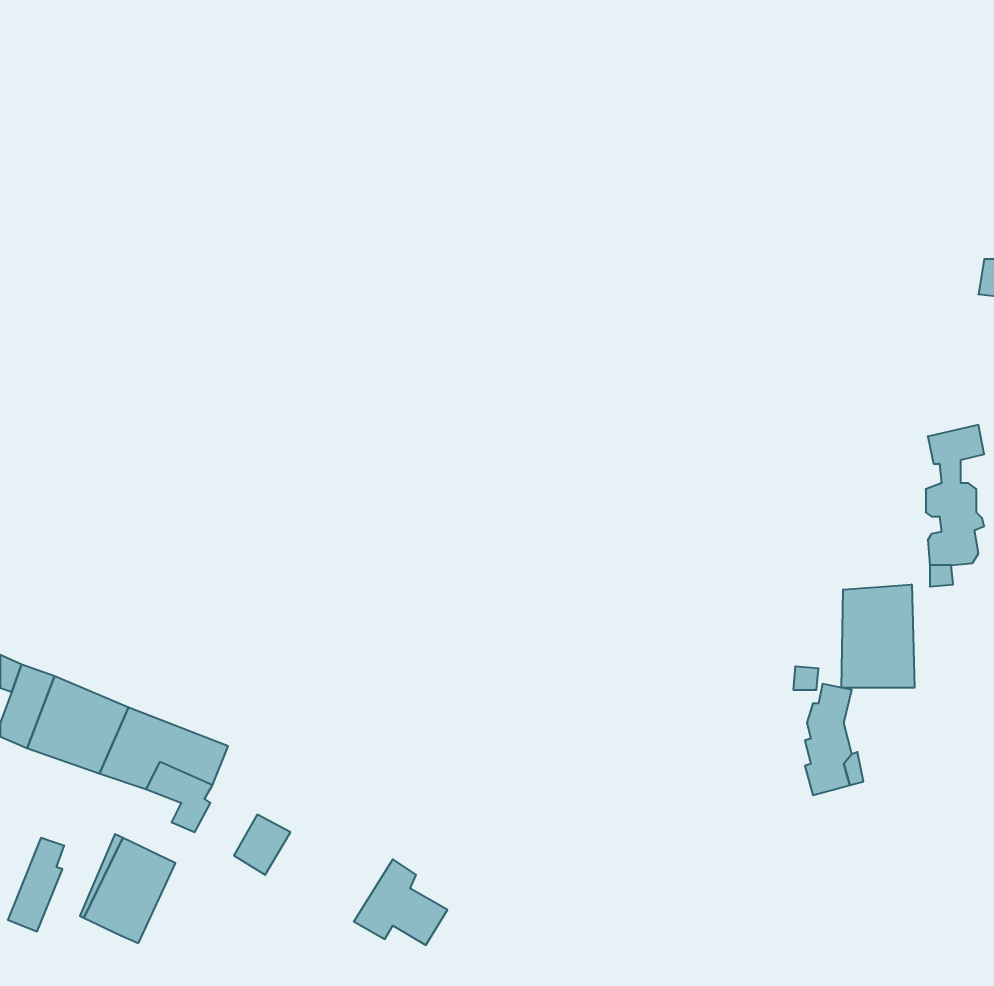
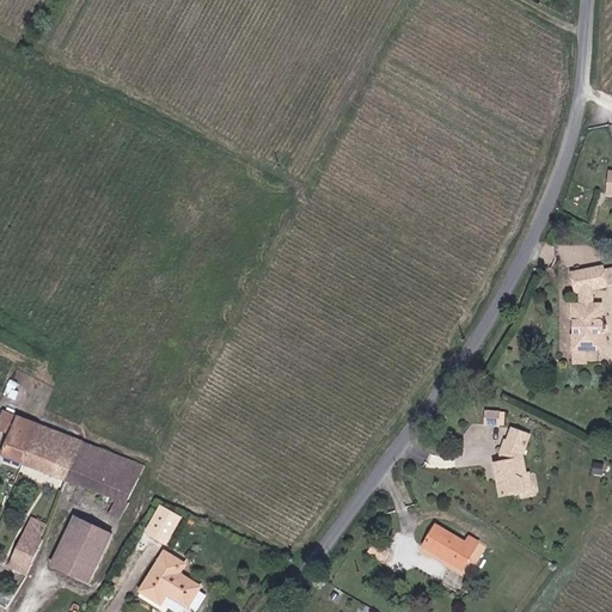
building: [842,584,915,688] -> none
building: none -> [428,525,484,569]
building: [354,859,447,945] -> [140,553,197,606]

